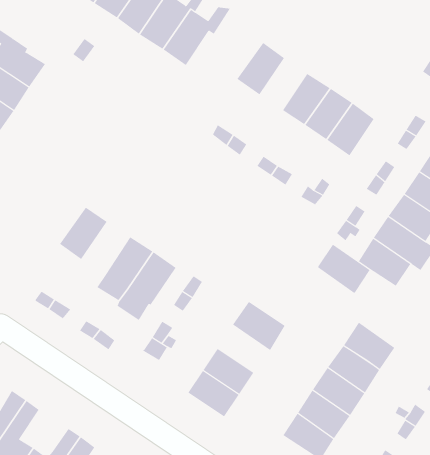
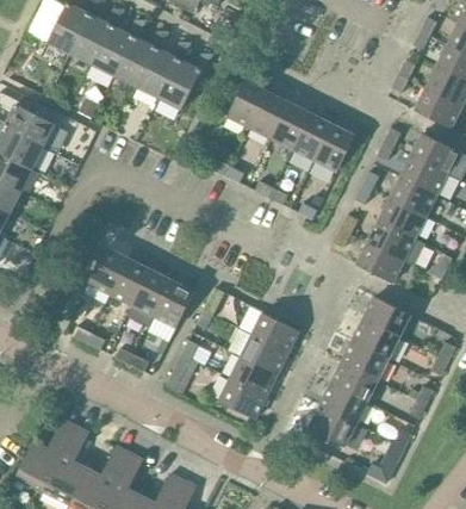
building: none -> [249,92,288,138]
building: none -> [108,257,149,305]
building: [317,244,371,294] -> [362,296,410,337]
building: none -> [240,335,287,375]

